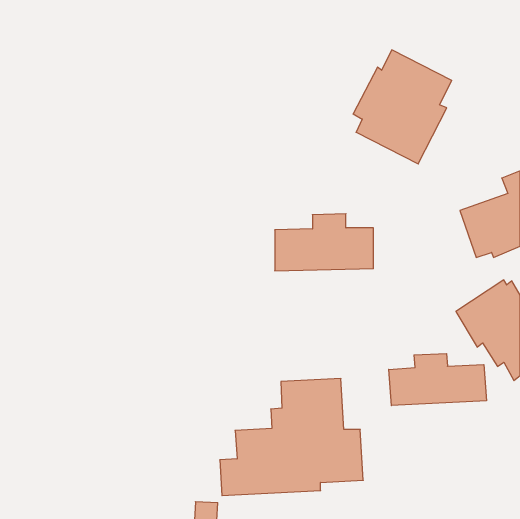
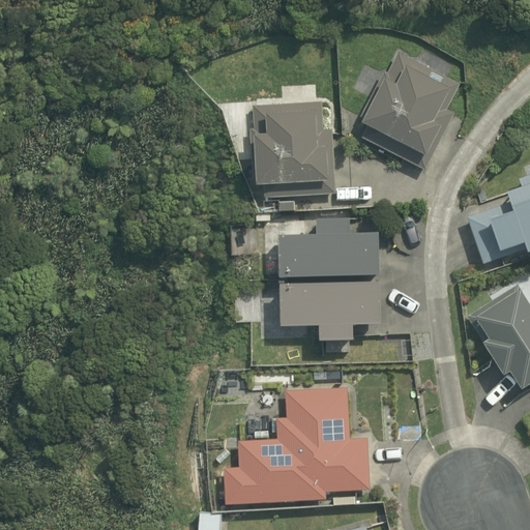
building: none -> [246,101,337,197]
building: none -> [278,281,381,340]
building: [389,354,486,406] -> none

